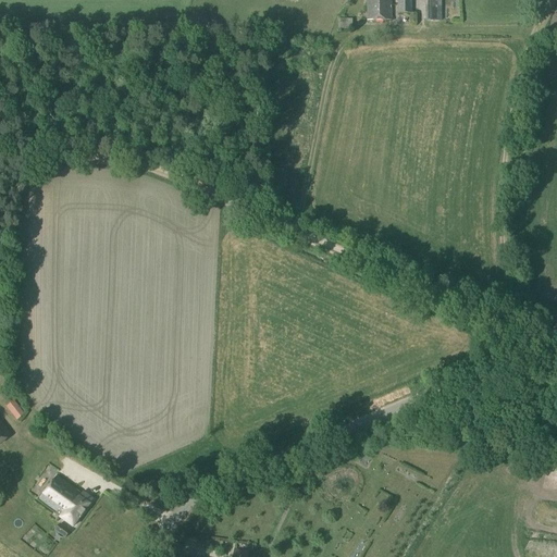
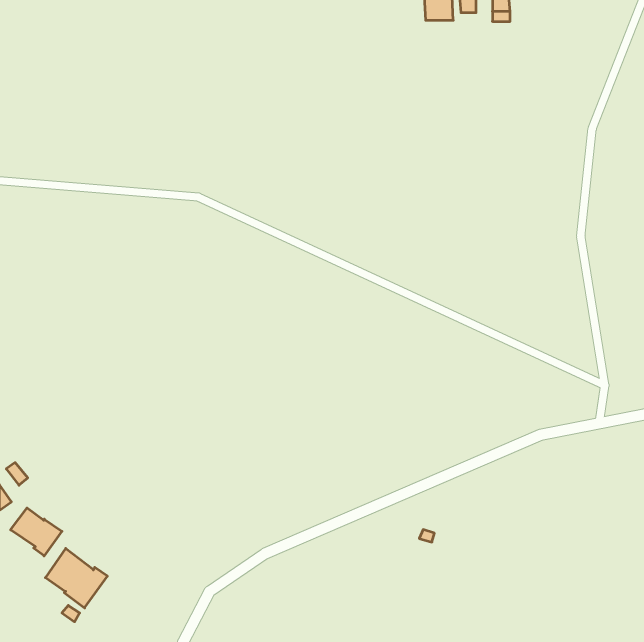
building: none -> [11,508,62,556]

